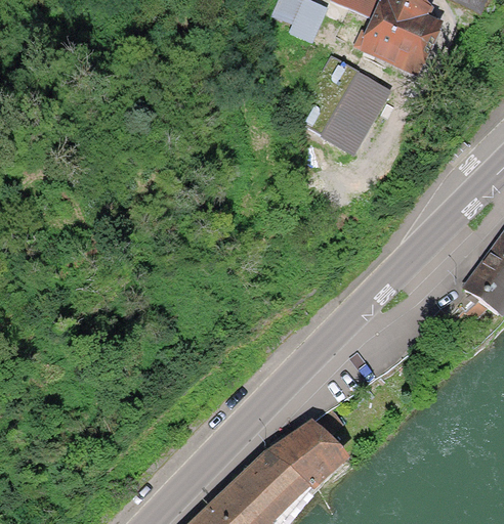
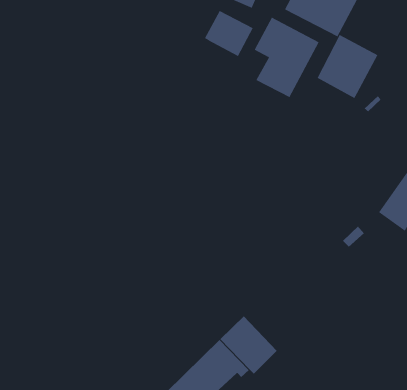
building: none -> [204,10,253,57]
building: none -> [317,34,378,99]

